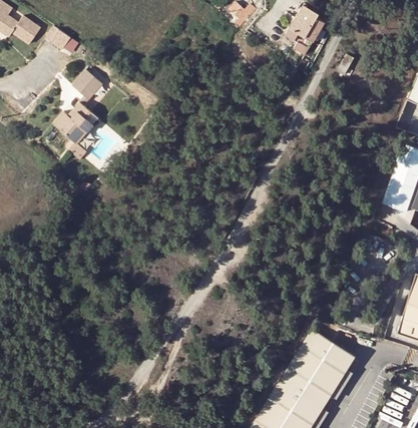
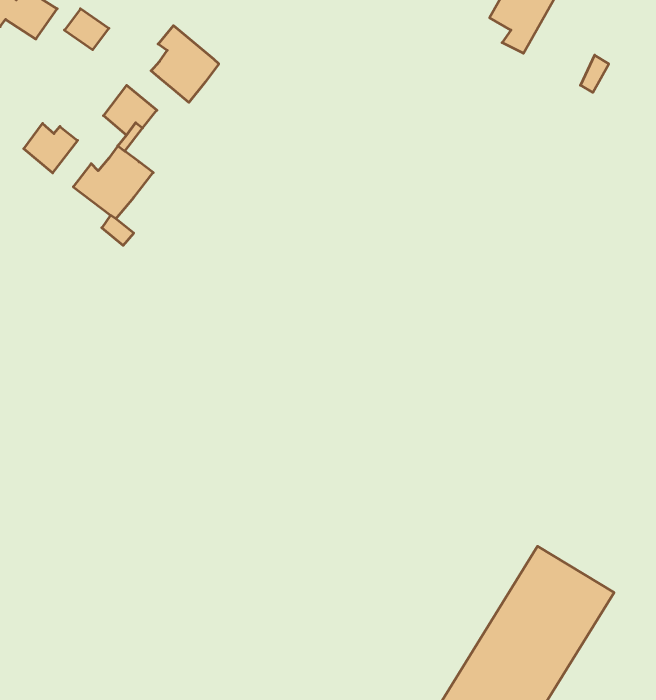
building: none -> [151,26,219,102]
building: none -> [24,123,78,173]

